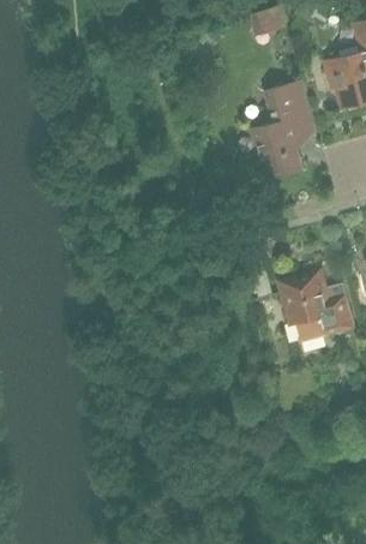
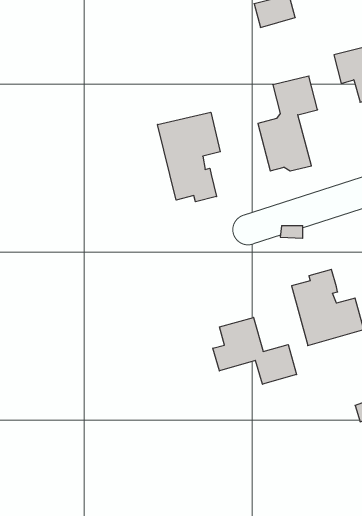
building: none -> [158,112,220,202]
building: none -> [213,317,297,384]

